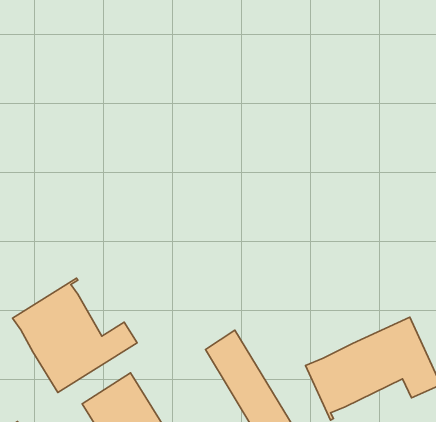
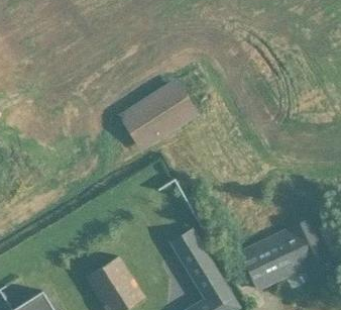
building: none -> [123,85,193,146]
building: [13,278,137,392] -> none

